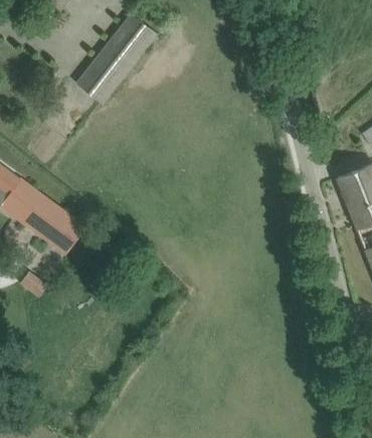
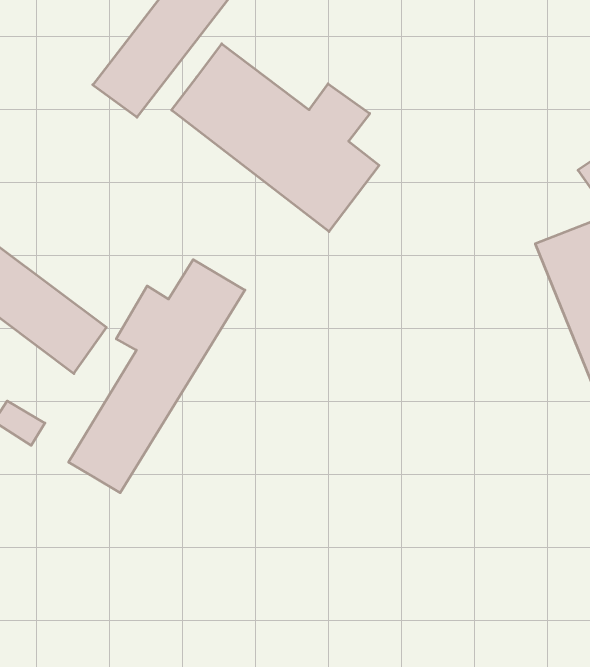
building: none -> [172,44,379,232]
building: none -> [69,260,245,493]

